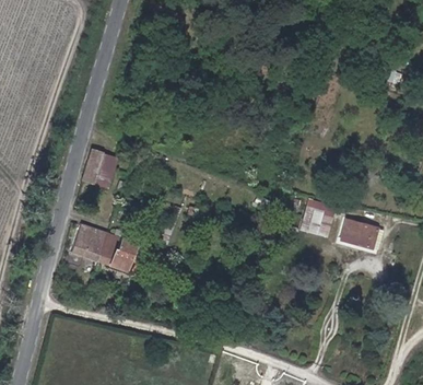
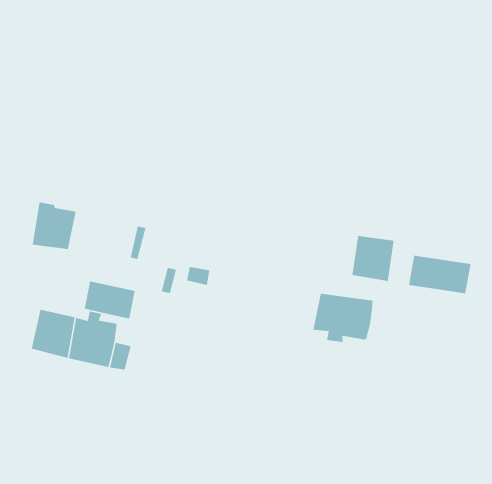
building: none -> [84,280,135,319]
building: none -> [312,293,374,343]

